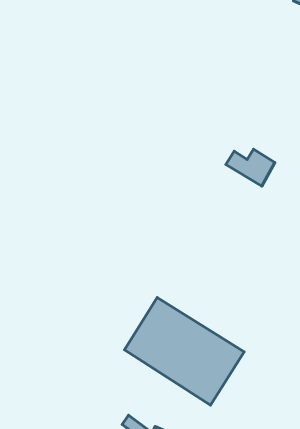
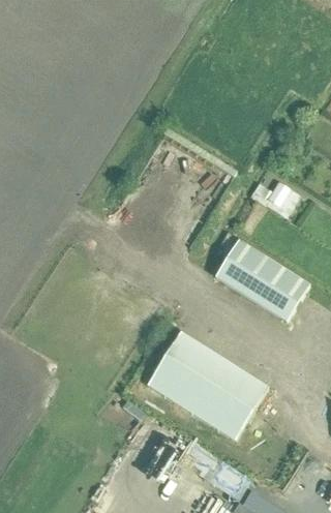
building: none -> [215,238,310,321]

